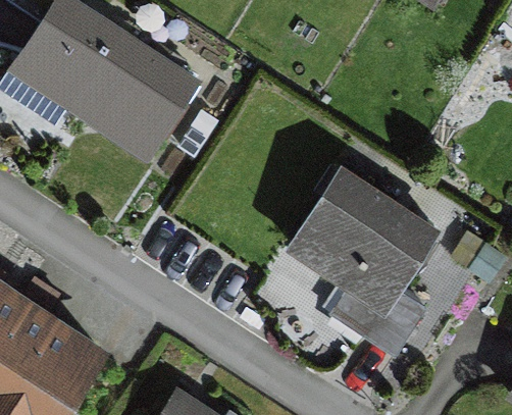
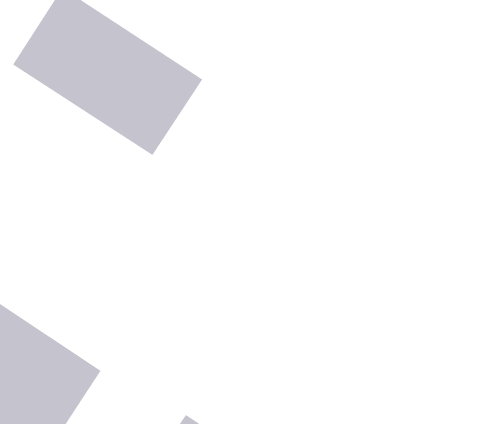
building: [291,170,437,351] -> none

